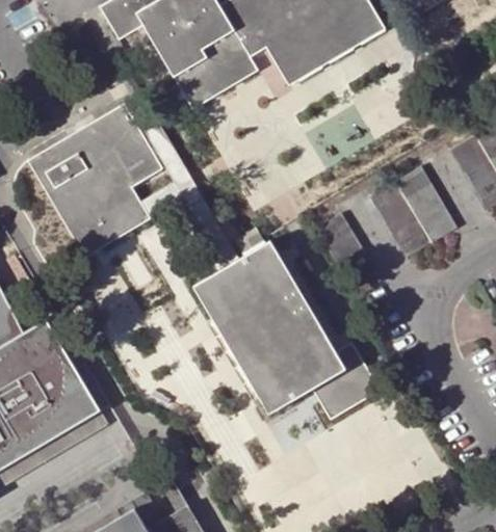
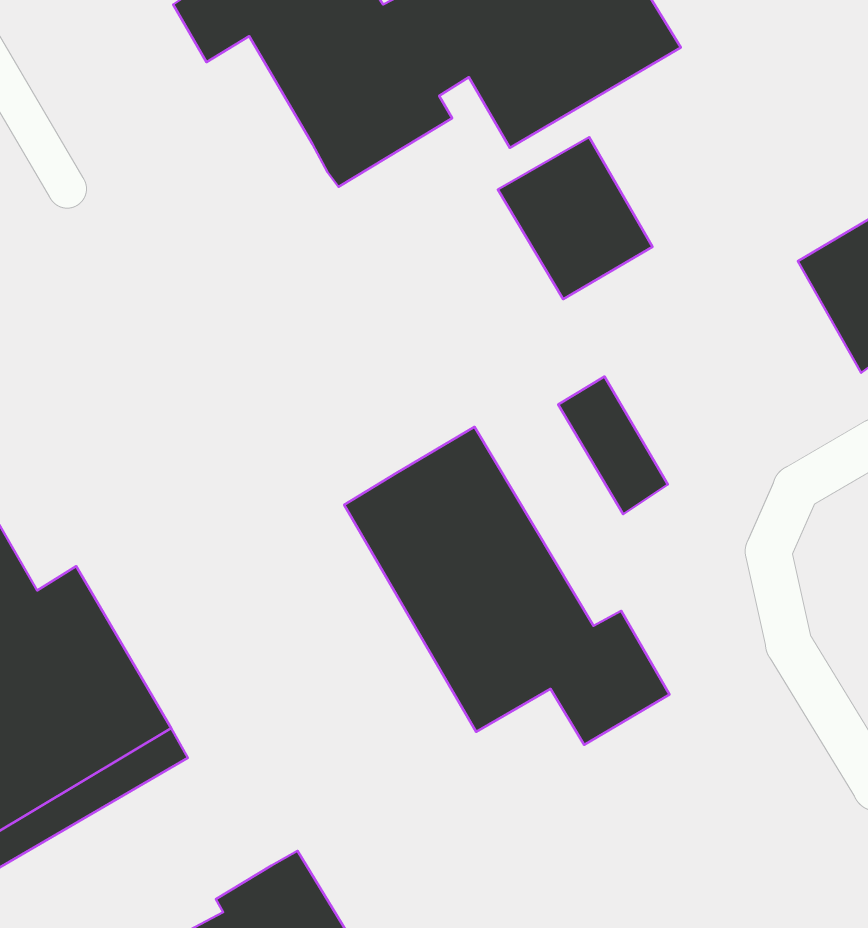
building: [28,104,161,257] -> none
building: [369,166,455,257] -> [498,137,652,299]

